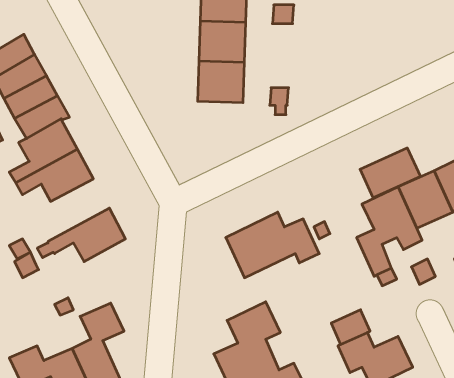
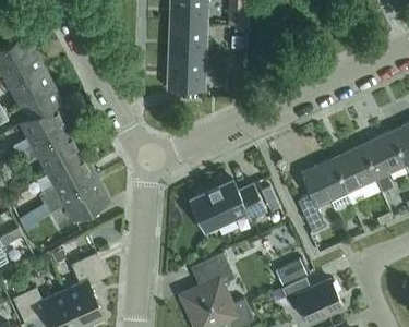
building: [360,148,420,198] -> none
building: none -> [39,153,95,204]

